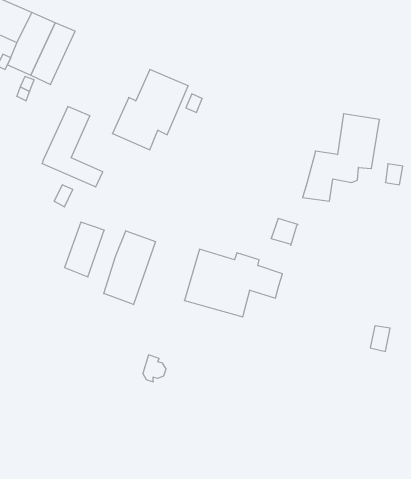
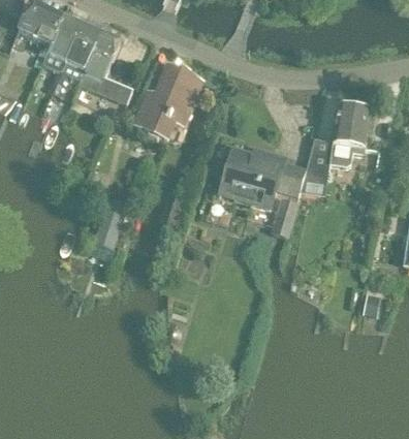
building: [42,107,103,187] -> [77,32,131,103]
building: [104,231,156,305] -> none
building: [184,249,282,317] -> [218,148,305,208]

